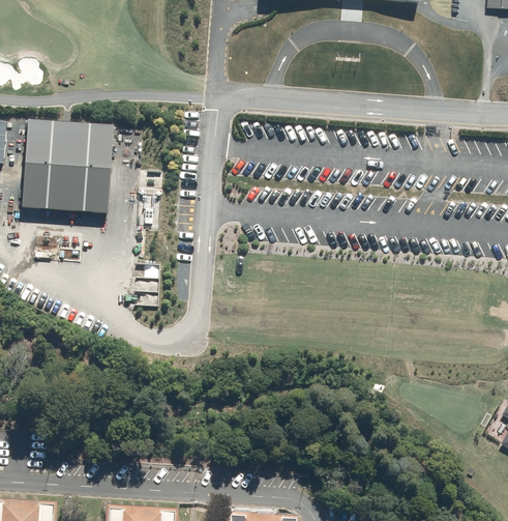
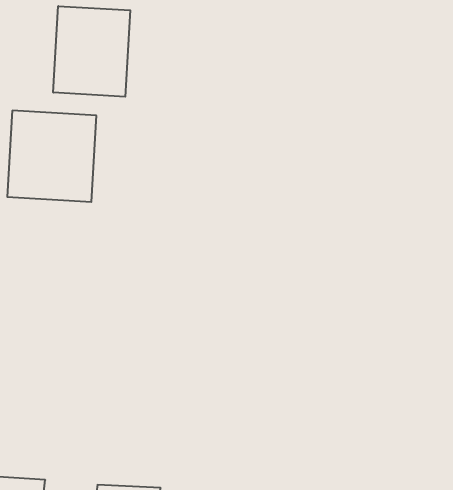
building: none -> [53,6,130,97]

